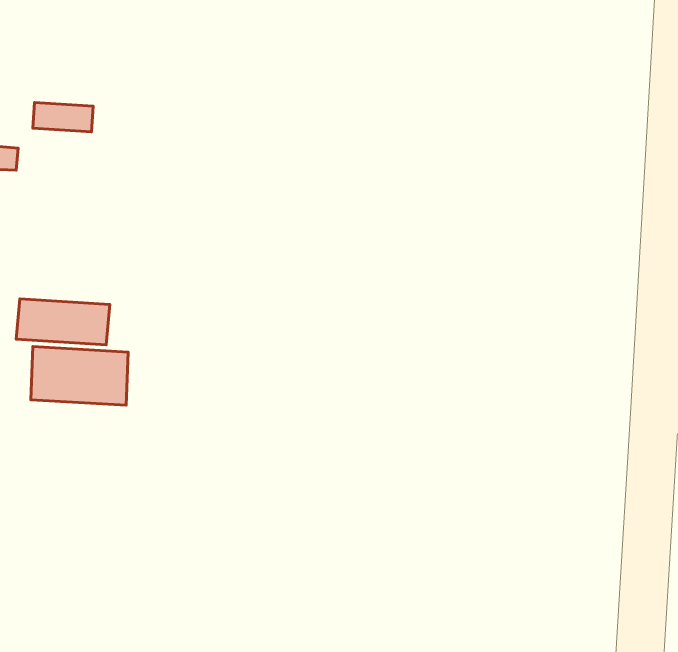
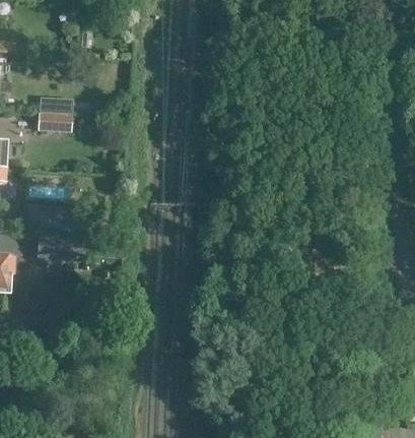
building: none -> [36,116,68,134]

